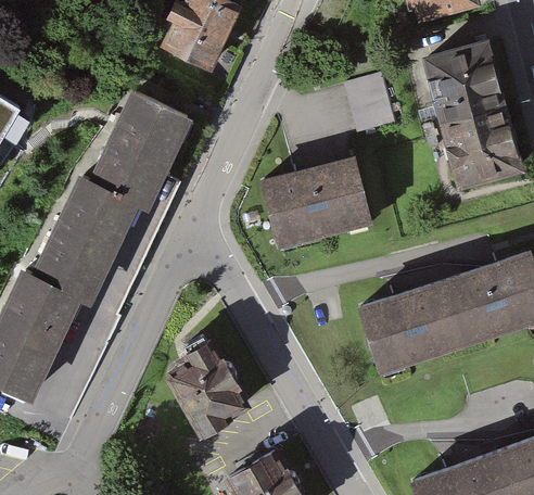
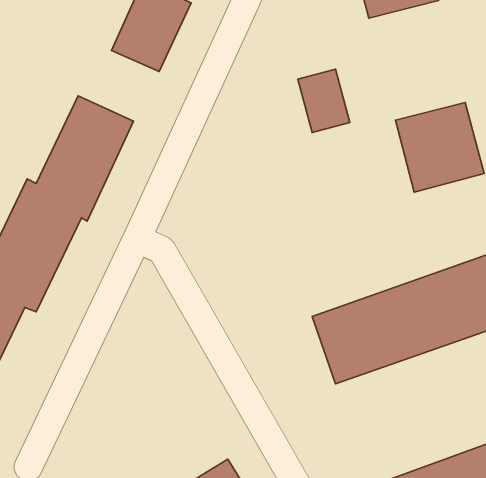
building: [422,38,508,119] -> none
building: [258,156,369,251] -> none
building: [161,343,249,437] -> none

